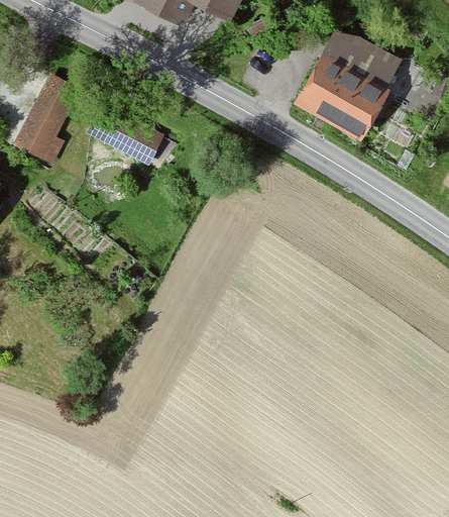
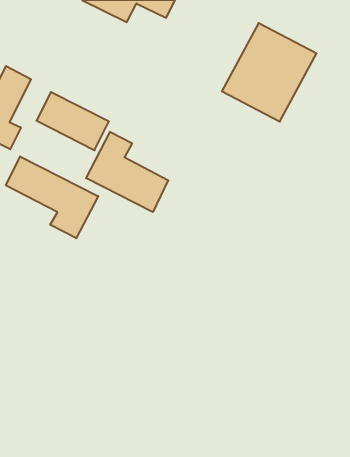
building: none -> [86,132,168,212]
building: none -> [6,156,98,238]

